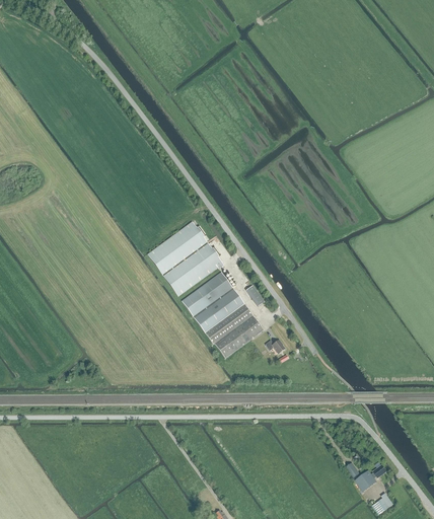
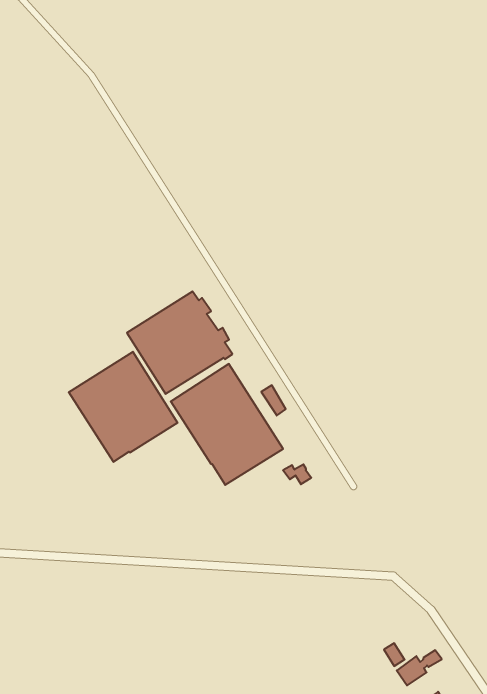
building: none -> [69,352,177,462]

